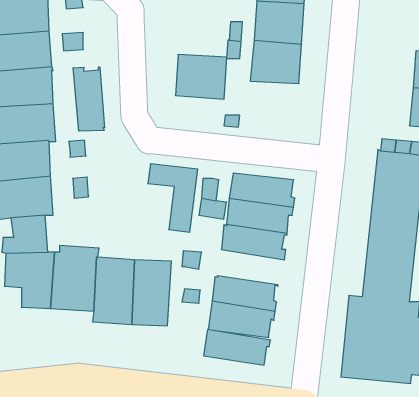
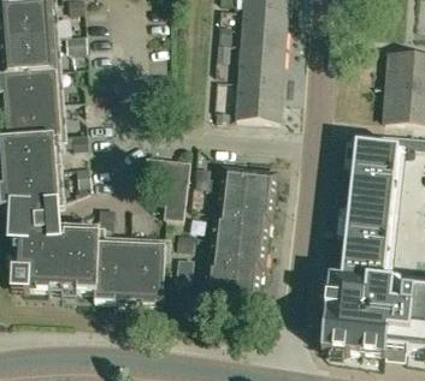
building: [175,55,227,99] -> [236,79,283,120]
building: [73,67,104,131] -> none
building: [204,330,271,365] -> [208,233,270,266]

